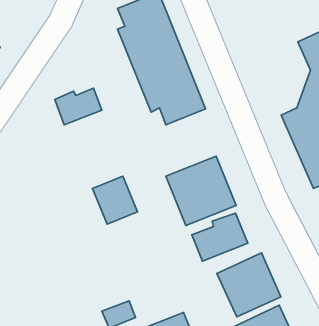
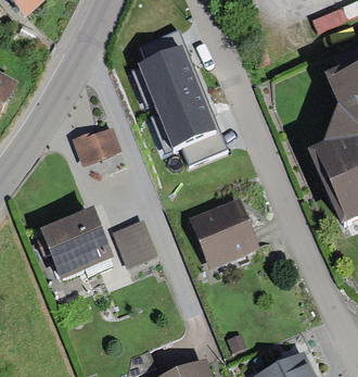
building: none -> [40,209,114,281]
building: [192,213,248,261] -> none
building: [217,253,281,317] -> none

